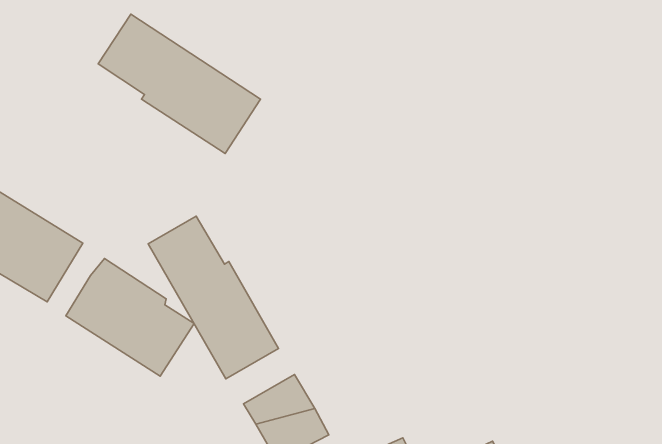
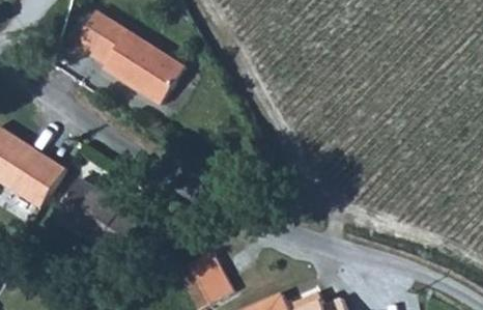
building: [148,216,278,379] -> none

